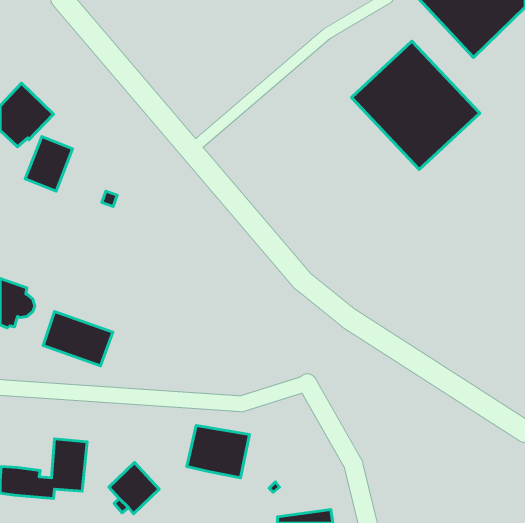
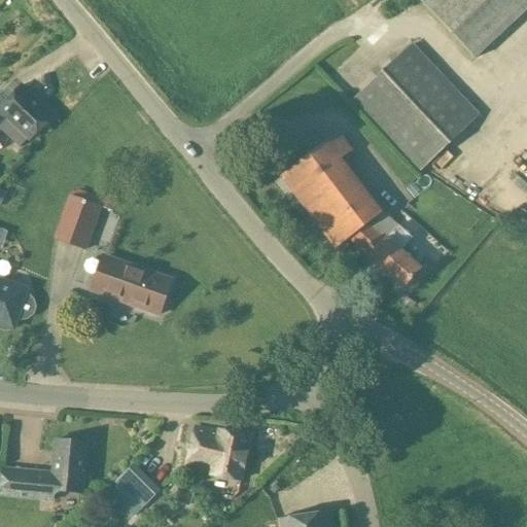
building: none -> [280,130,421,286]
building: [25,137,73,191] -> [54,192,101,247]
building: [43,312,113,366] -> [98,257,168,312]

